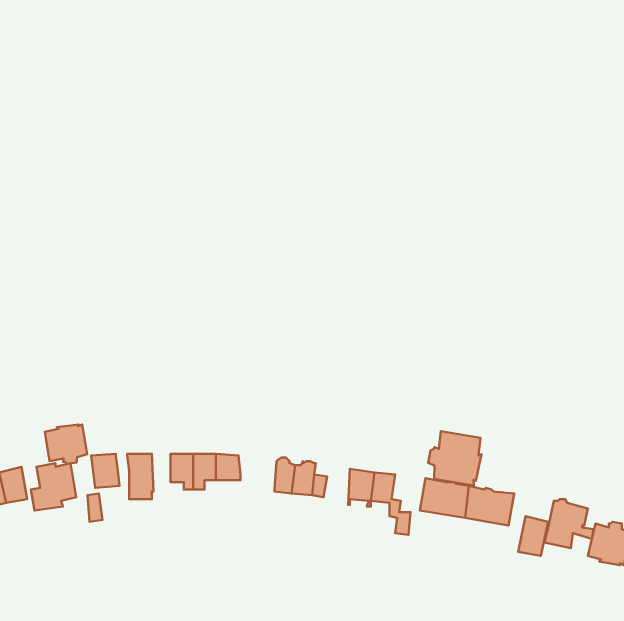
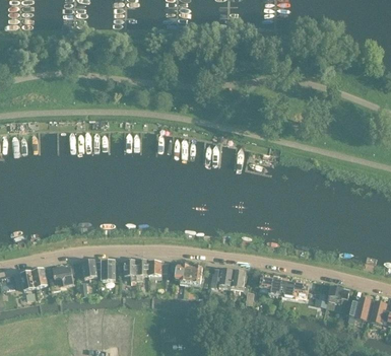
building: [45,424,87,464] -> none
building: [428,431,481,485] -> none

